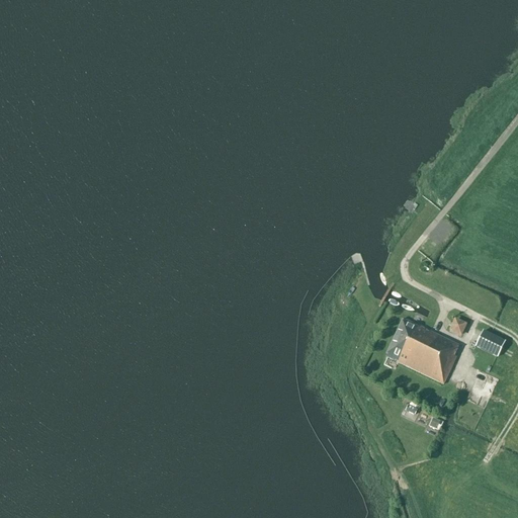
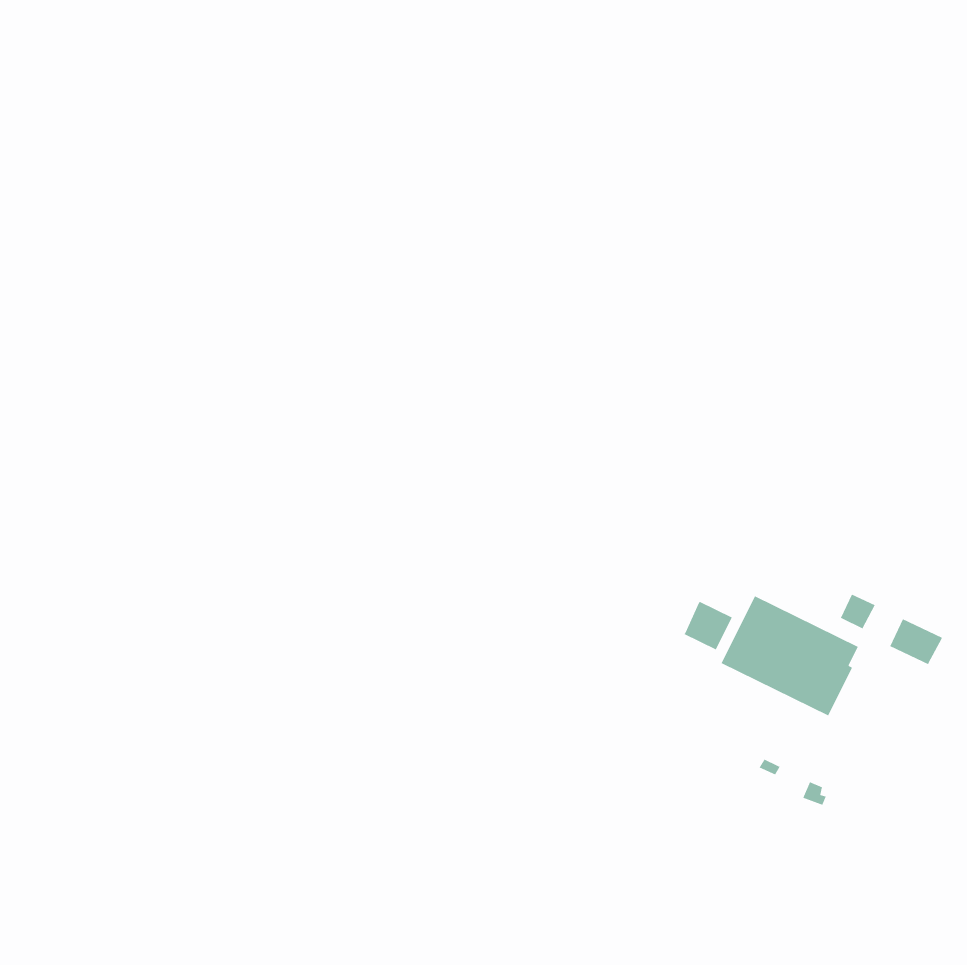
building: none -> [683,601,733,651]

